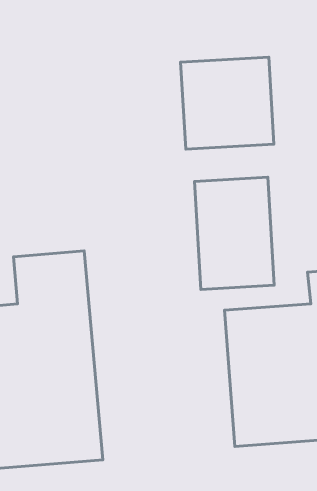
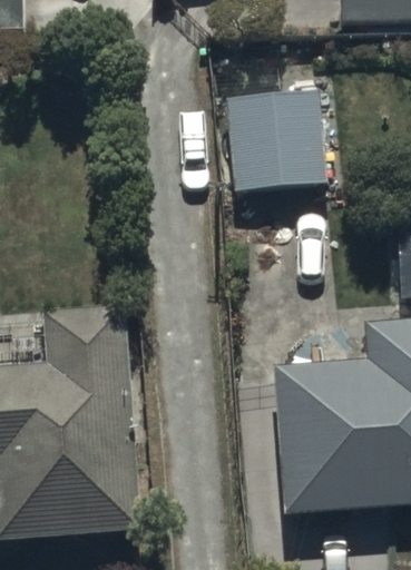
building: [195,177,274,290] -> none

